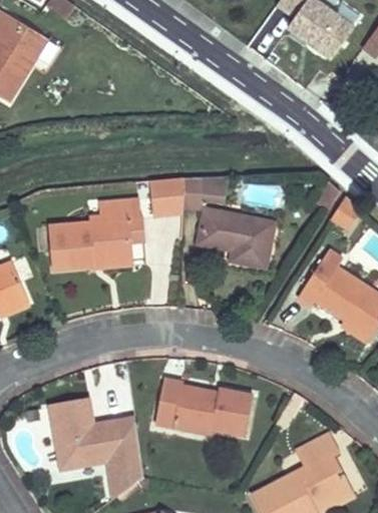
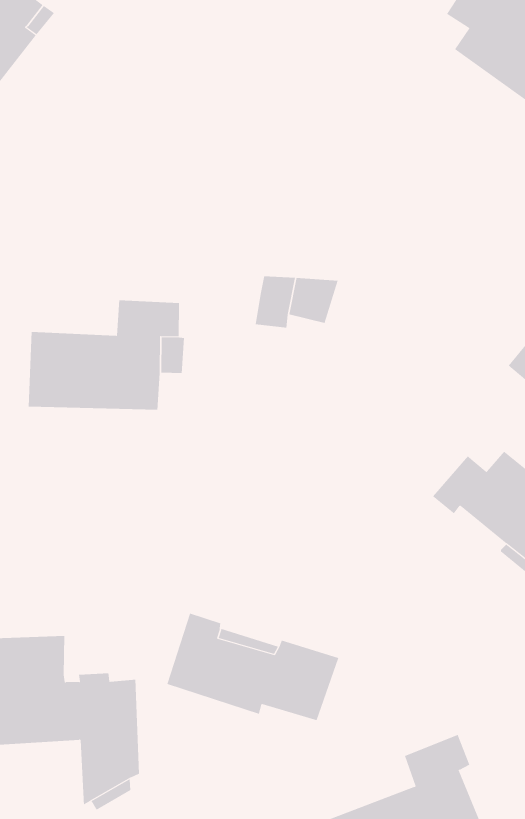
building: [149,177,184,216] -> none
building: [197,207,275,266] -> none

